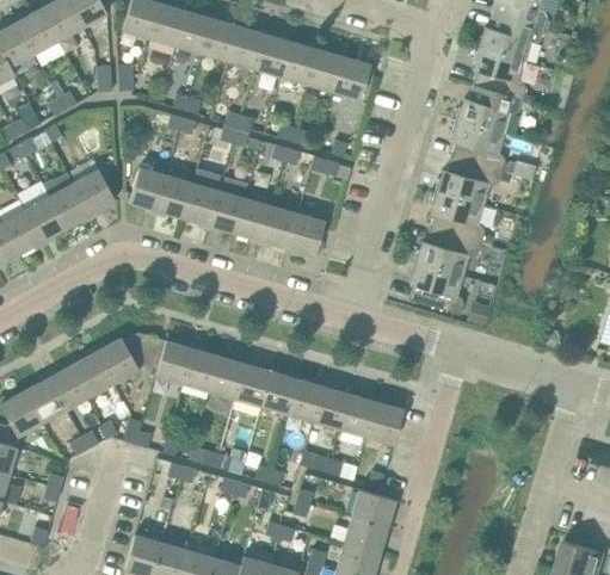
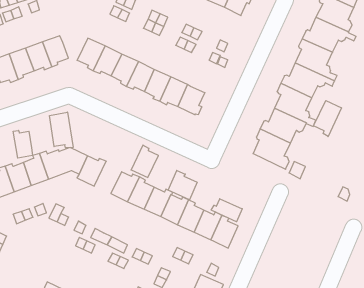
building: none -> [313,101,341,137]
building: none -> [50,112,73,148]
building: none -> [13,130,33,158]
building: none -> [168,170,197,200]
building: [183,345,220,391] -> [131,145,158,177]
building: none -> [211,199,242,222]

